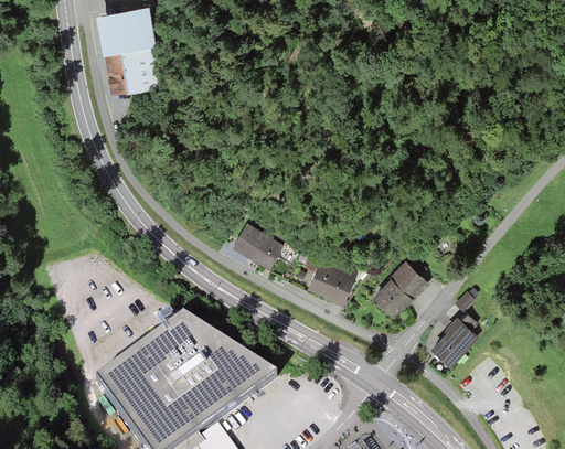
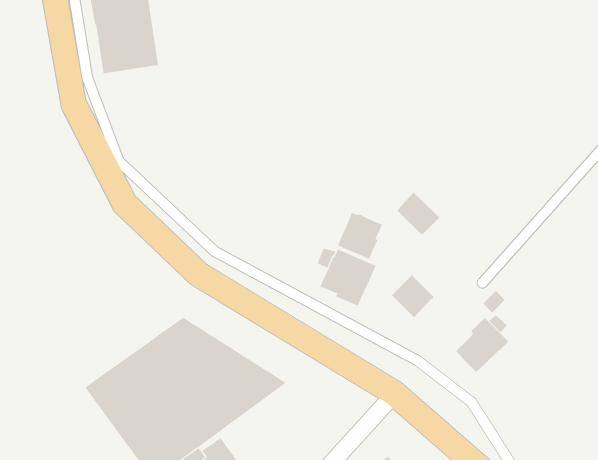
building: none -> [337,212,383,259]
building: [232,220,282,265] -> none
building: [390,257,429,297] -> [396,192,440,236]

